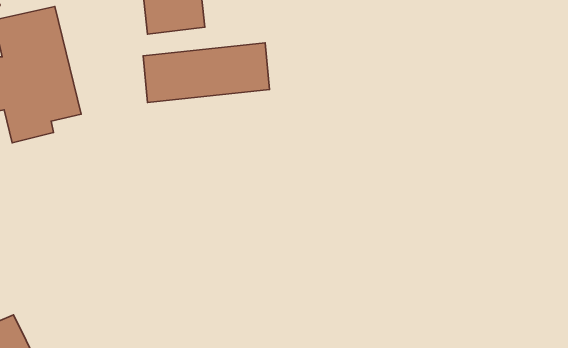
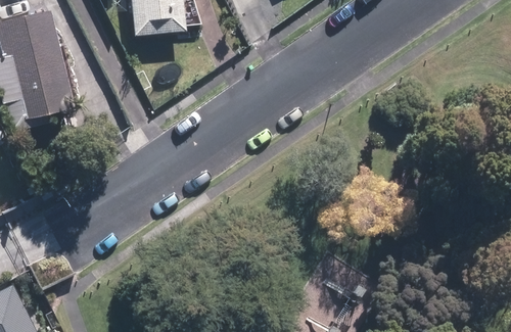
building: [143,43,269,103] -> none

